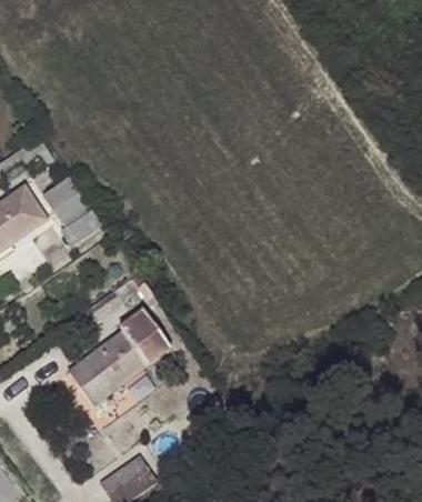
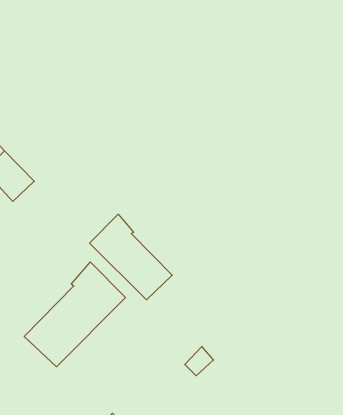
building: none -> [90,214,172,300]

